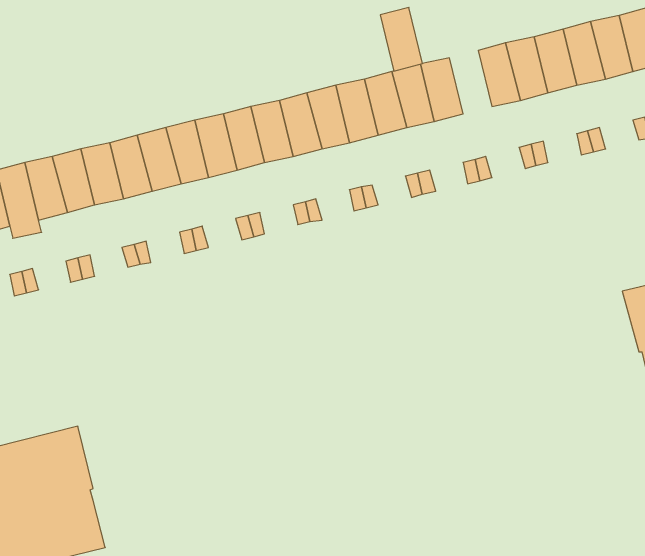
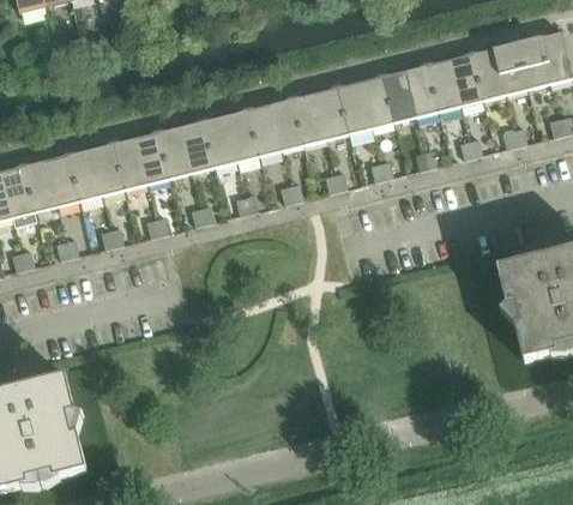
building: [380,7,423,71] -> [358,77,392,127]

